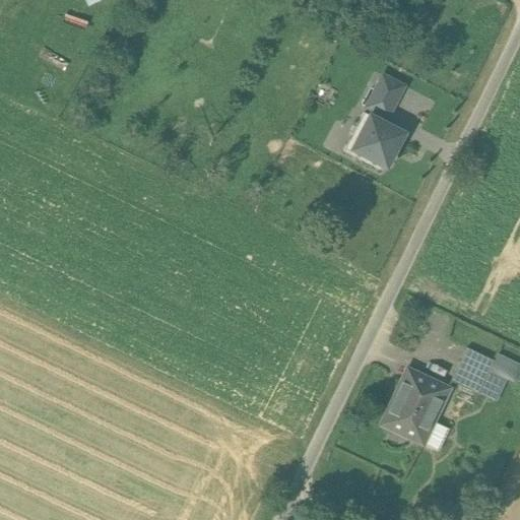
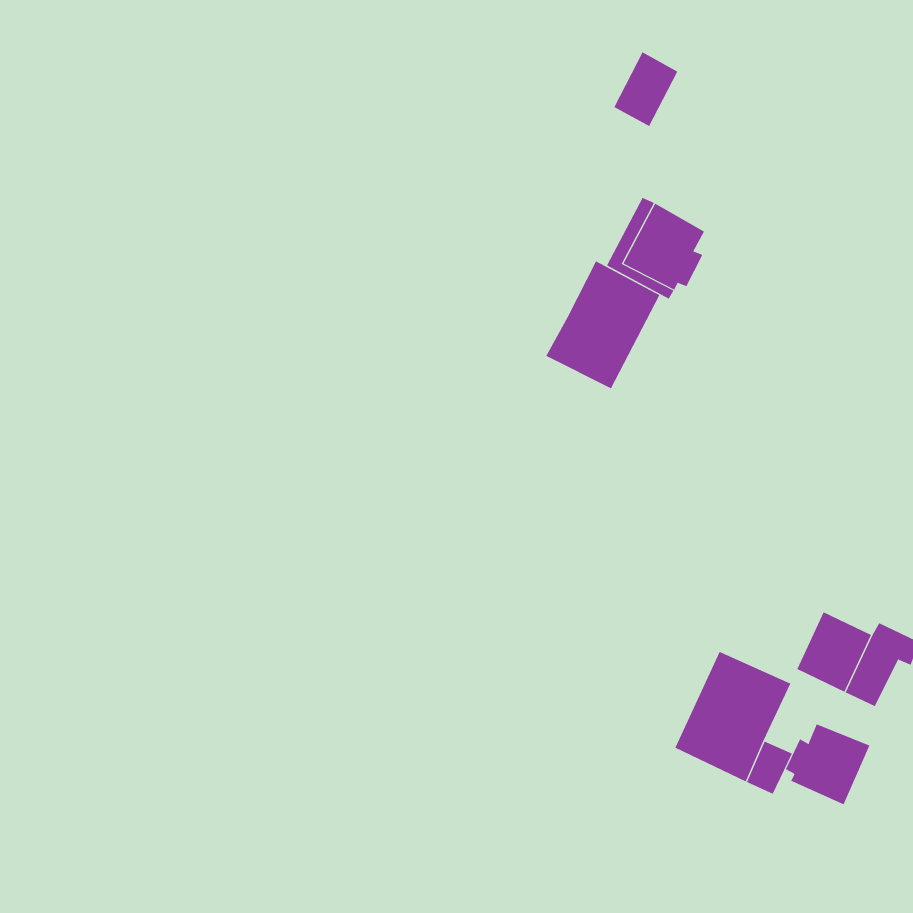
building: [369,74,405,117] -> [614,52,678,127]
building: none -> [546,261,660,389]
building: none -> [785,724,870,805]

